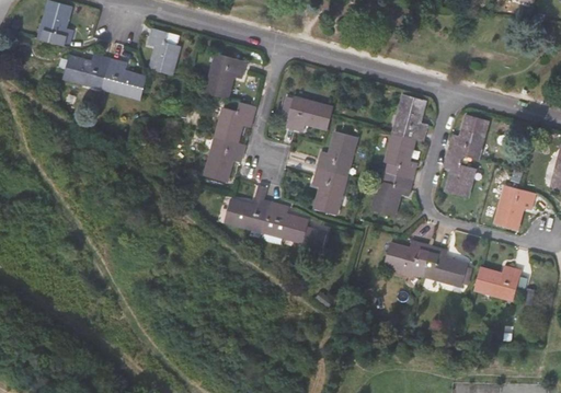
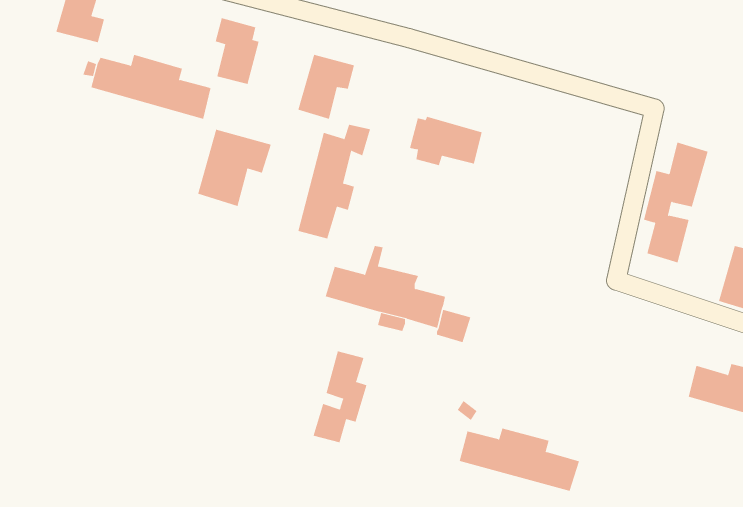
building: [371,94,426,216] -> none
building: none -> [197,129,272,207]
building: [311,131,356,215] -> none
building: [383,241,467,285] -> [459,428,580,491]
building: none -> [313,350,367,443]

